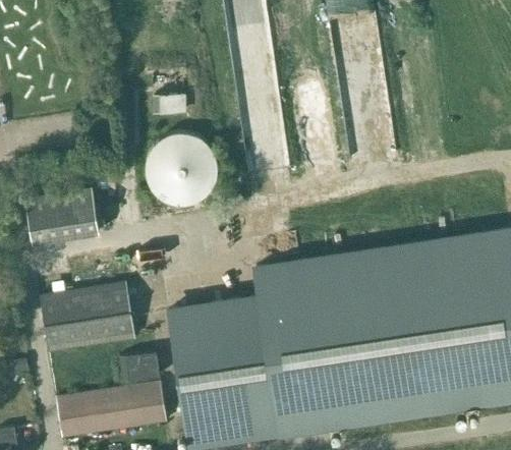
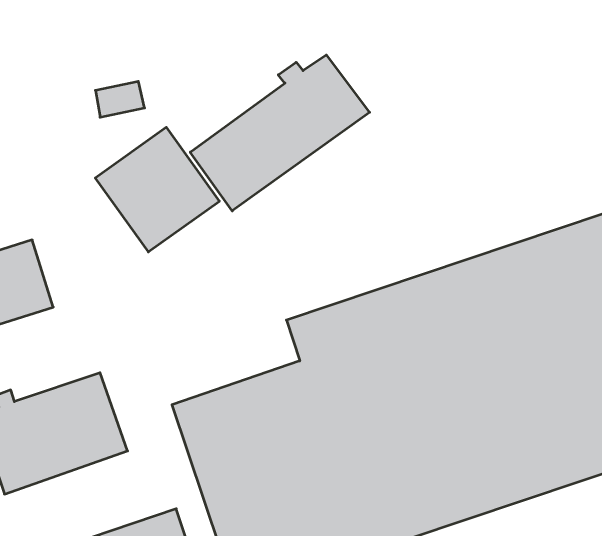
building: none -> [190,55,370,211]
building: [116,347,158,382] -> none

